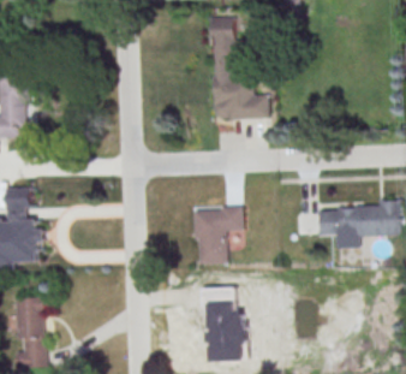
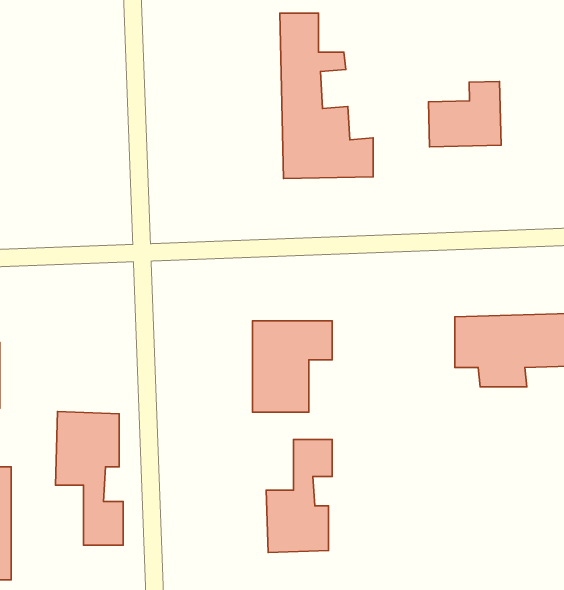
building: none -> [429,81,501,147]
building: none -> [56,412,123,545]

